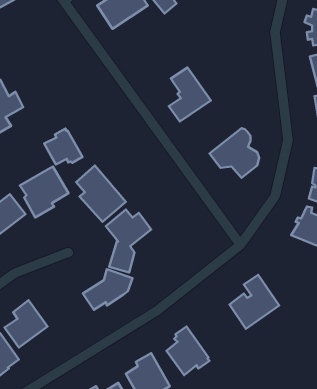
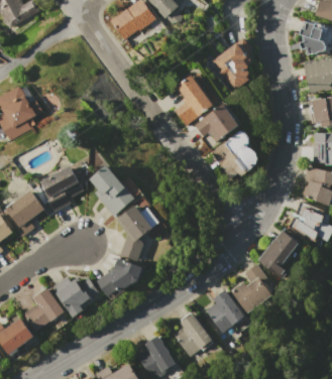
building: none -> [212,38,249,86]
building: none -> [195,103,240,141]
building: [44,129,83,165] -> none
building: none -> [257,230,301,278]
building: none -> [52,276,98,317]
building: none -> [205,289,249,342]

